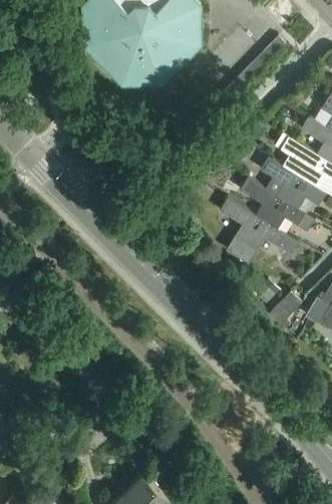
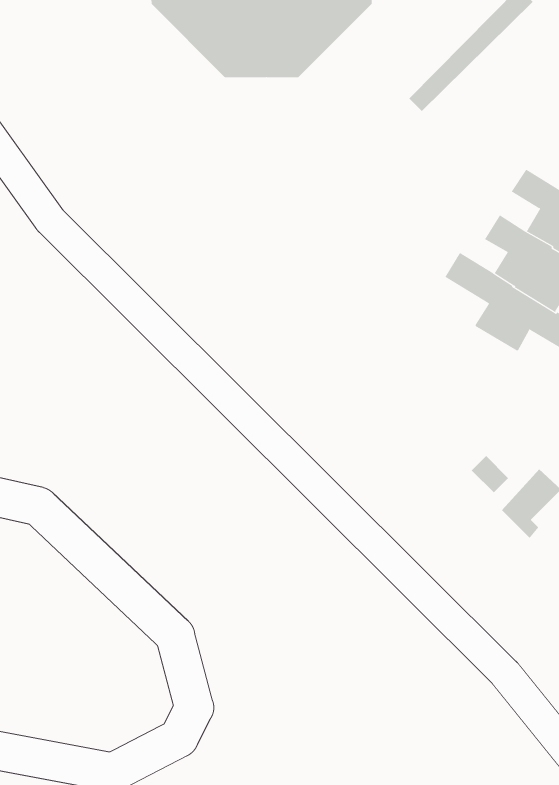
building: [218,200,284,266] -> none

